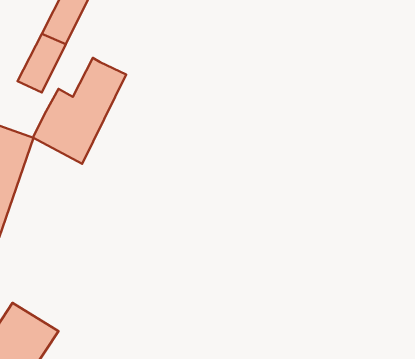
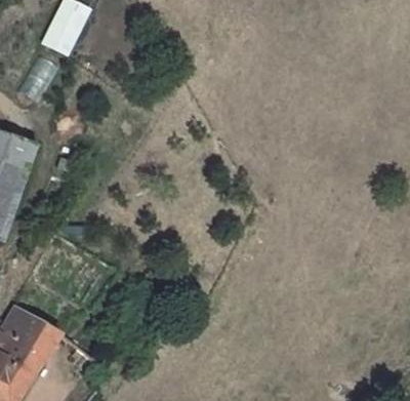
building: [33,58,126,164] -> none

